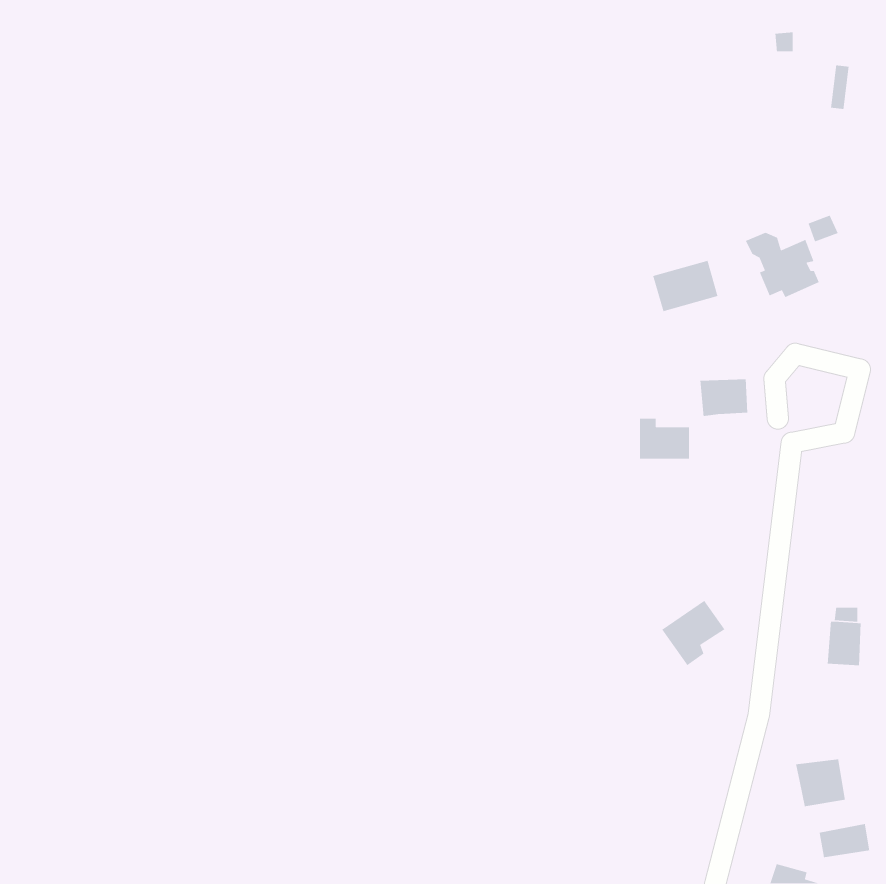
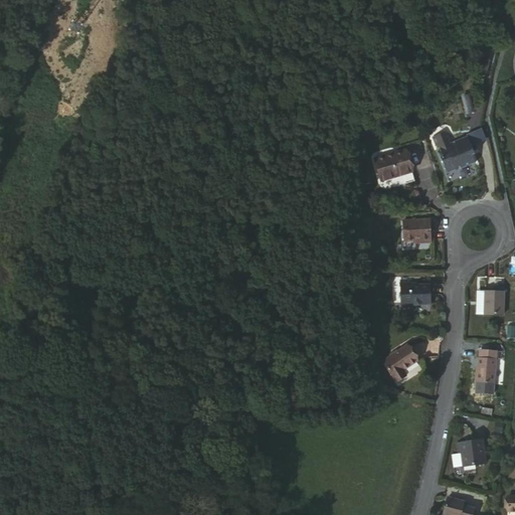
building: [639,418,690,460] -> [400,277,430,301]
building: none -> [485,291,505,316]
building: [819,823,870,858] -> none

